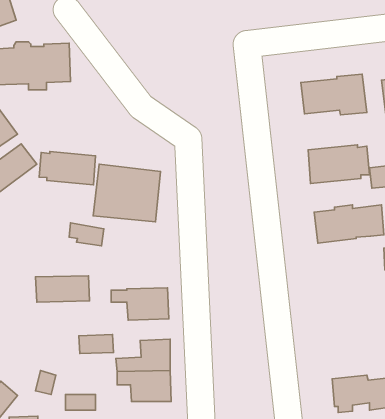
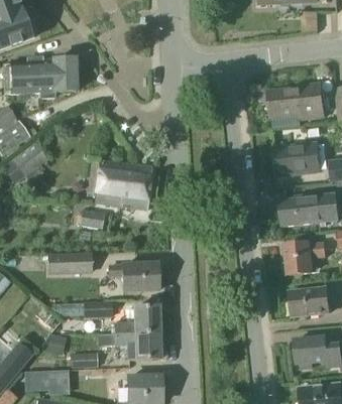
building: [39,152,95,185] -> none
building: none -> [286,241,327,275]
building: none -> [291,287,330,315]

